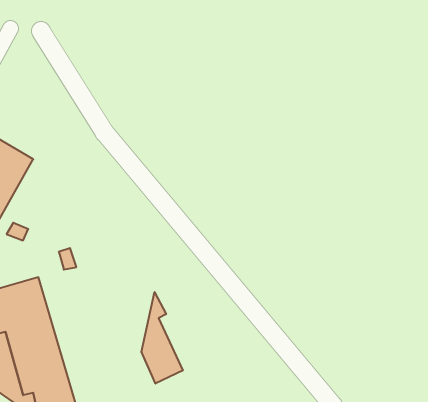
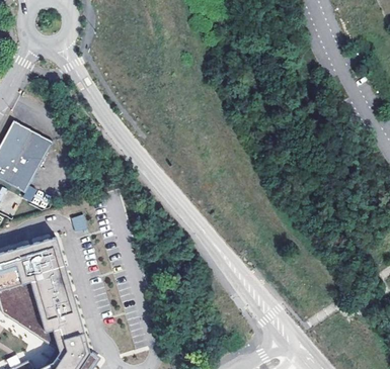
building: [142,292,183,384] -> none

